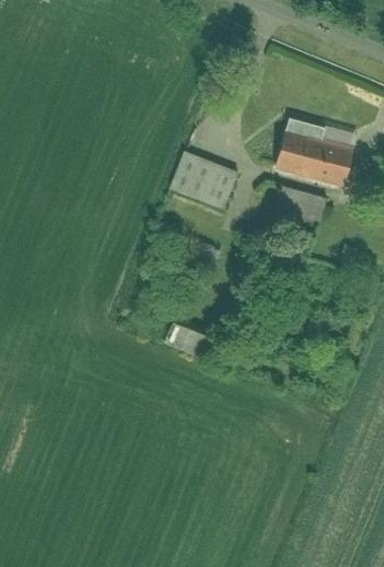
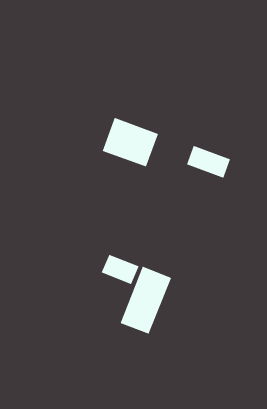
building: [272,124,357,187] -> none
building: none -> [120,266,172,335]

